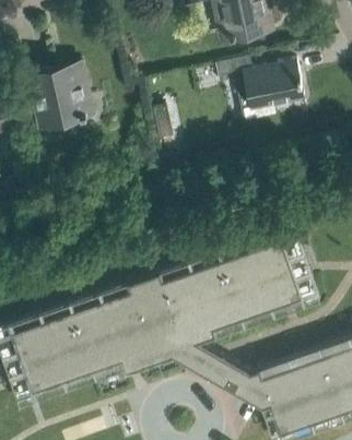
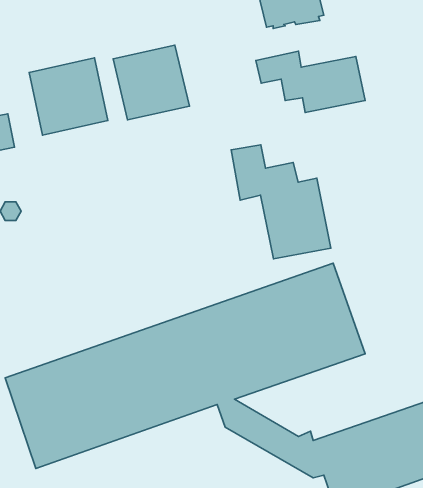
building: none -> [113,45,189,120]
building: none -> [231,145,331,259]

